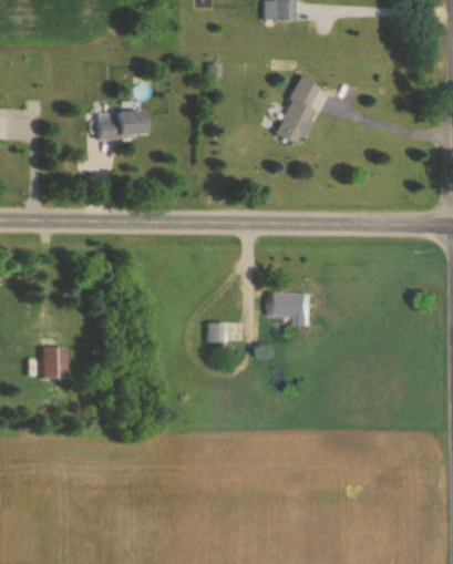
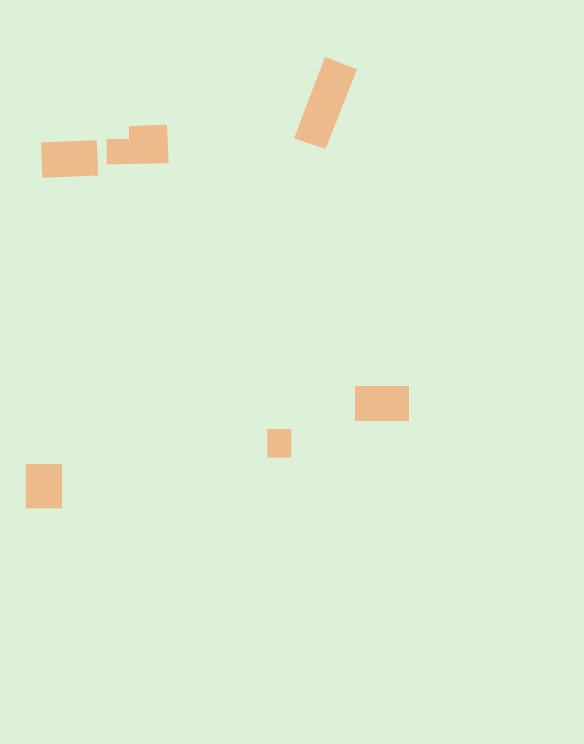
building: [275,79,320,144] -> [293,56,358,150]
building: none -> [40,140,99,179]

